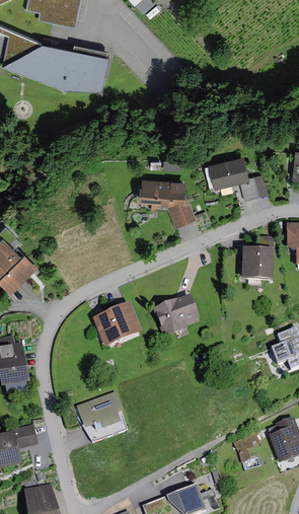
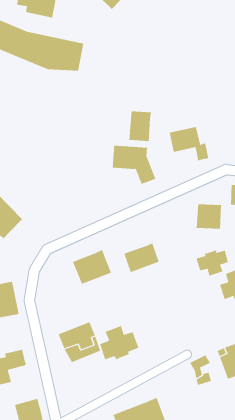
building: none -> [129,111,151,142]
building: none -> [196,250,229,277]
building: none -> [99,325,139,360]

